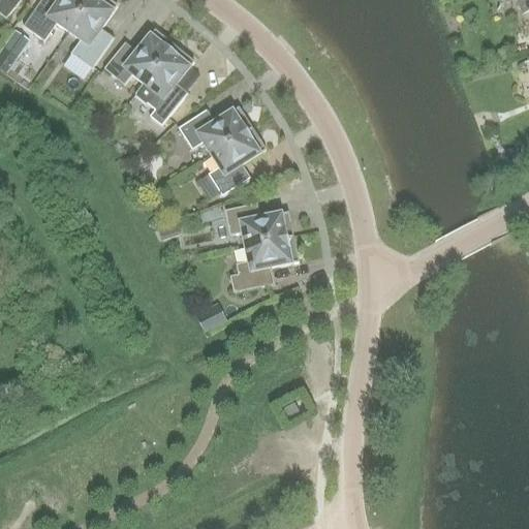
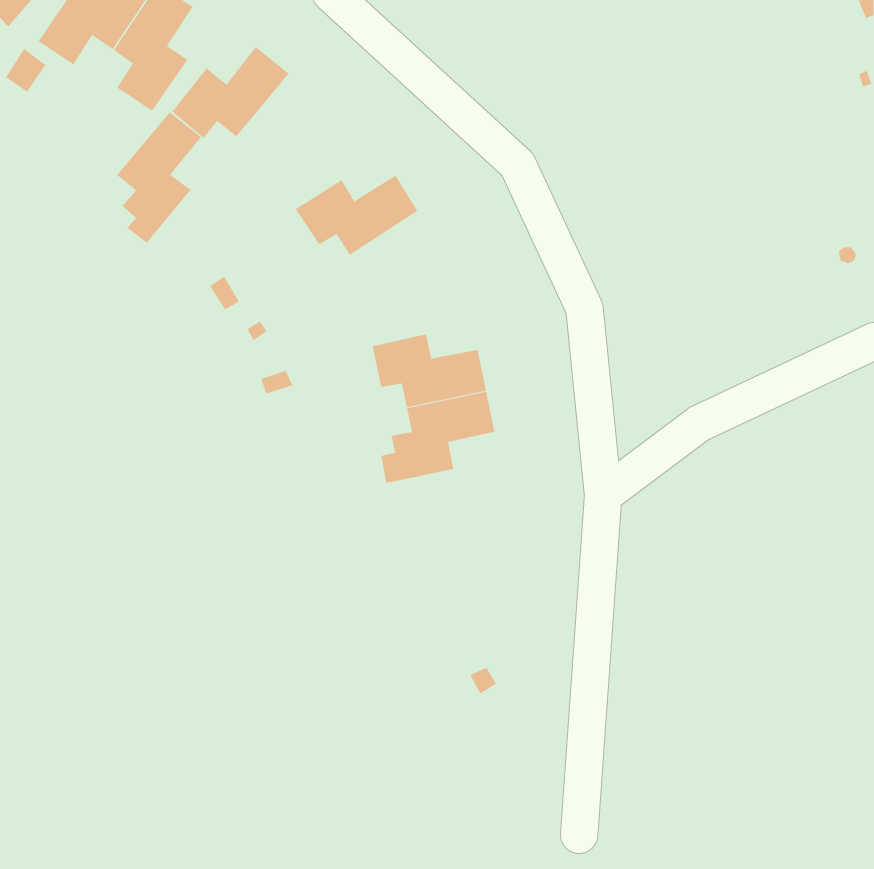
building: [143,44,194,124] -> [116,111,202,243]
building: [208,127,266,194] -> none
building: [195,302,227,332] -> none

